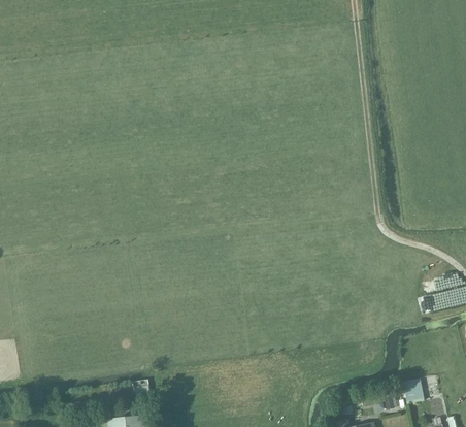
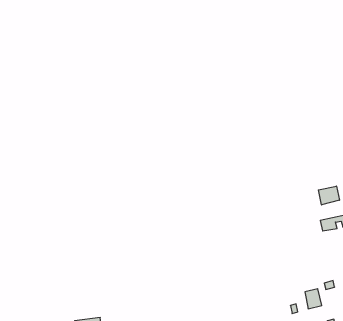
building: none -> [318,186,339,205]

